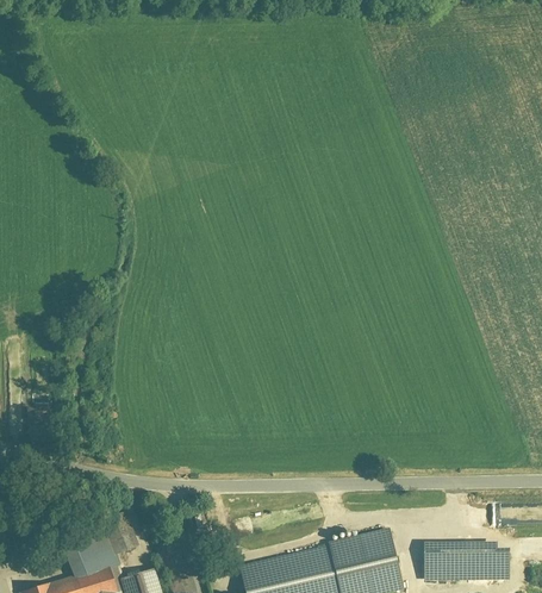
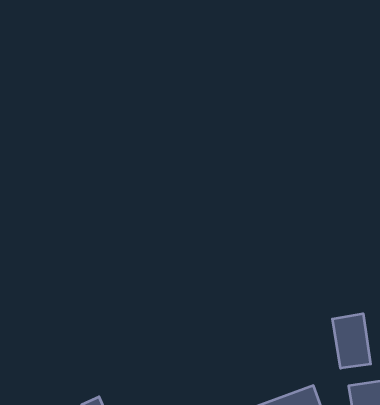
building: none -> [332,314,371,368]

